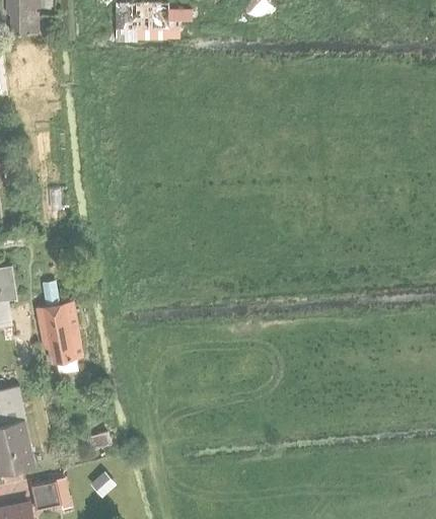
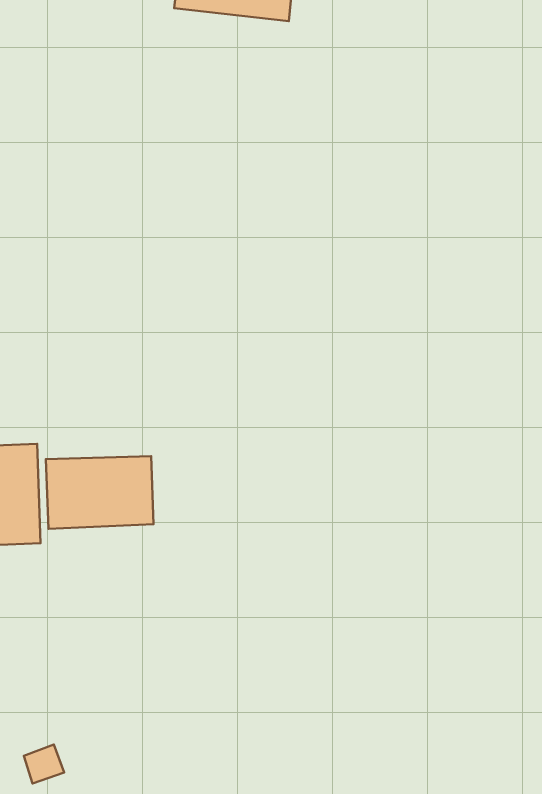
building: none -> [46,456,153,529]

